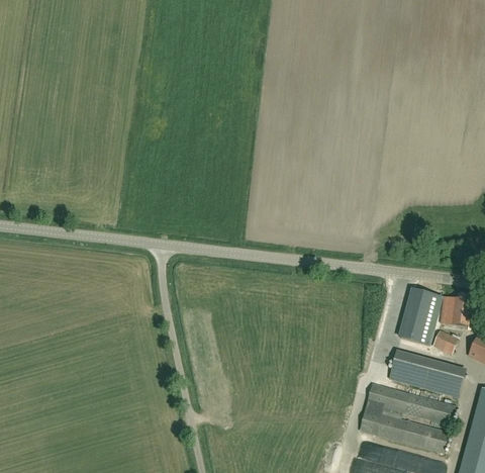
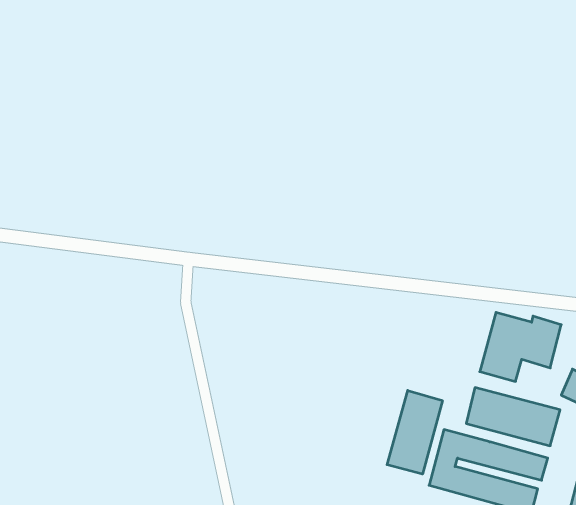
building: [431,329,458,355] -> none
building: none -> [387,390,442,474]

